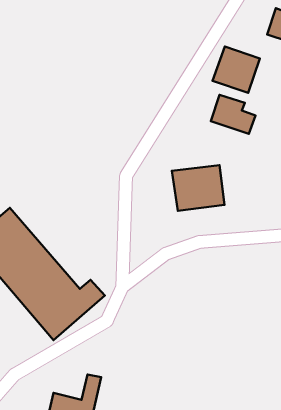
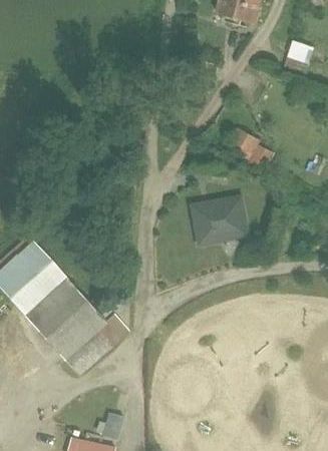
building: [213,47,260,93] -> none

